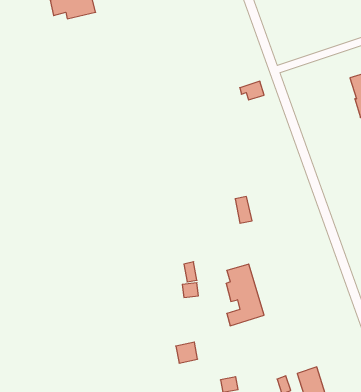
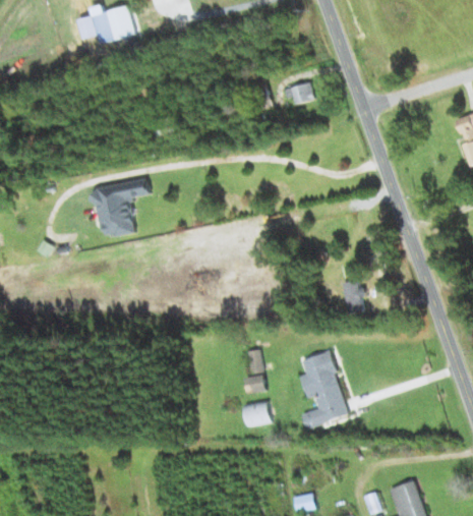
building: [240,81,264,100] -> [284,81,314,105]
building: none -> [94,179,150,237]
building: [235,197,252,223] -> [342,280,363,313]
building: [176,342,198,363] -> [243,400,271,426]

